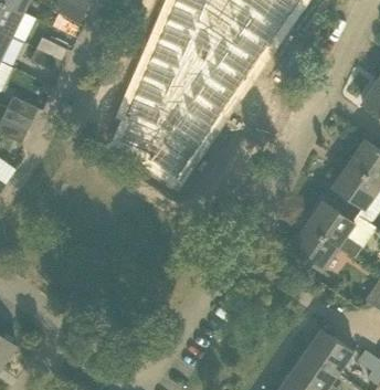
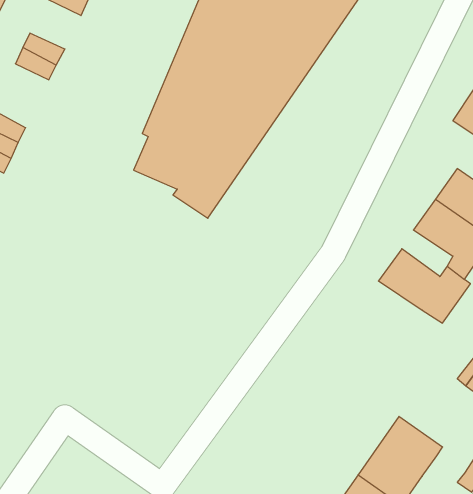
building: [289,225,338,271] -> none

